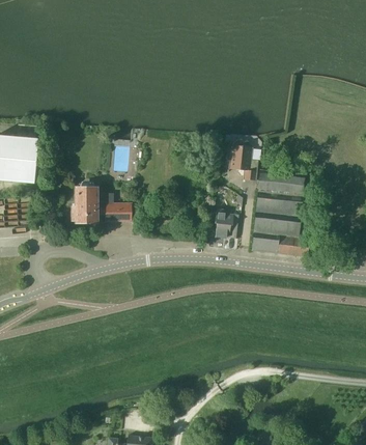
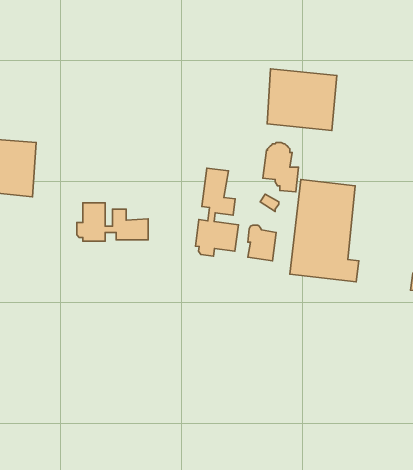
building: none -> [267,69,337,130]
building: none -> [195,168,238,256]

